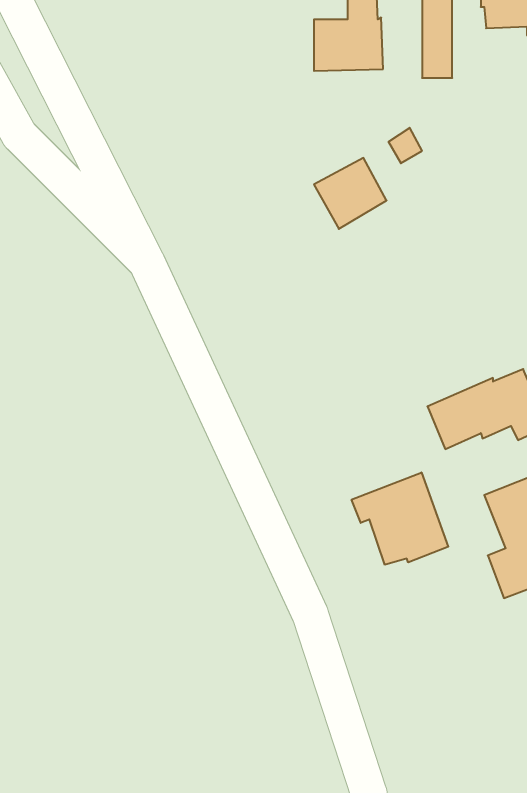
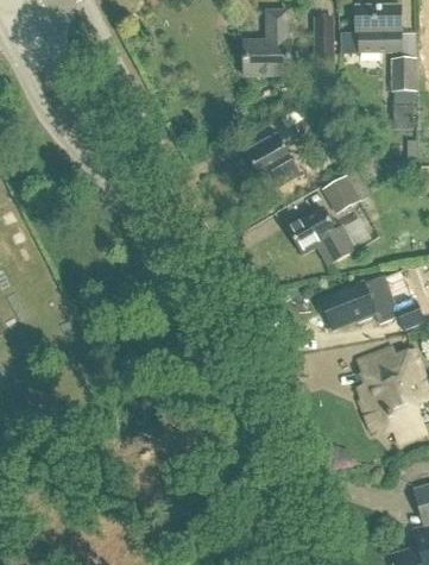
building: none -> [321,176,359,214]
building: none -> [286,208,354,265]
building: [352,472,448,565] -> none

